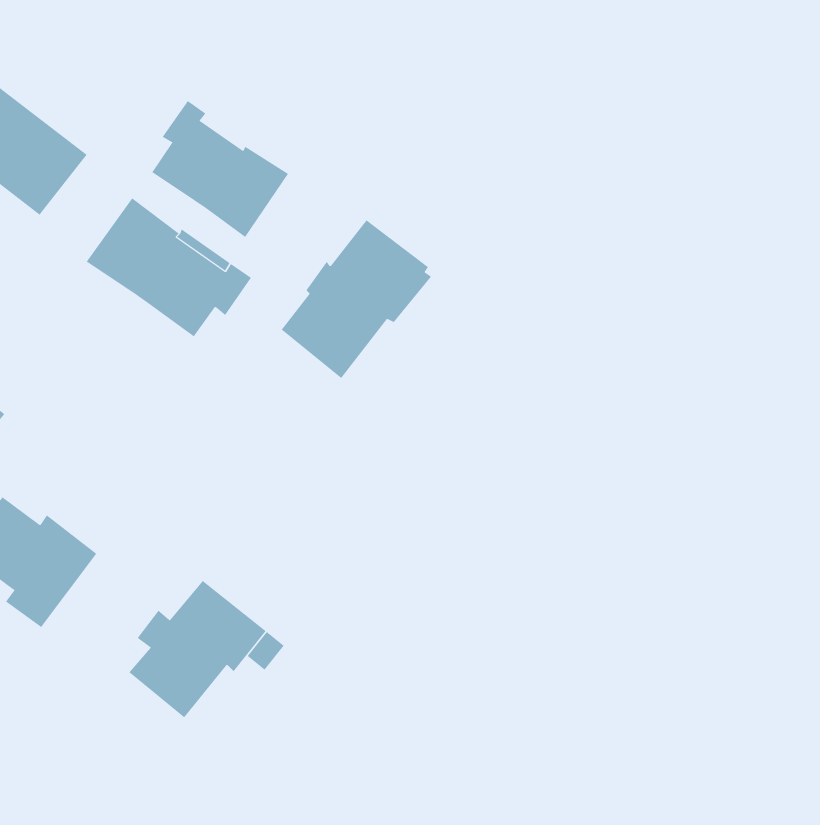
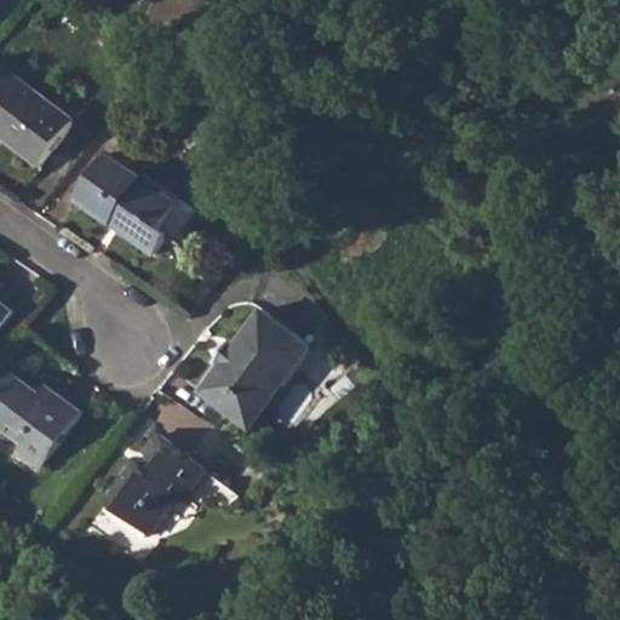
building: [152,100,289,238] -> none
building: [281,219,432,379] -> [196,310,308,427]

